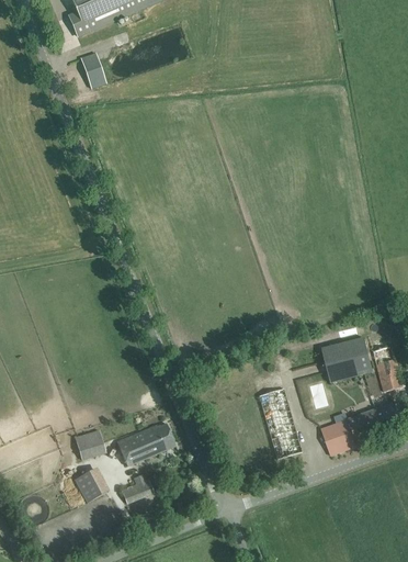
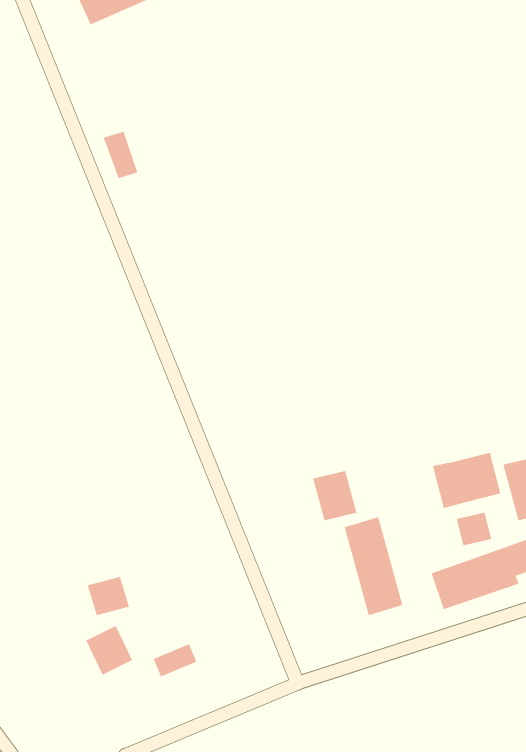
building: [79,53,104,87] -> [103,131,138,179]
building: none -> [313,470,357,521]
building: none -> [456,512,492,546]
building: [116,423,174,465] -> none

